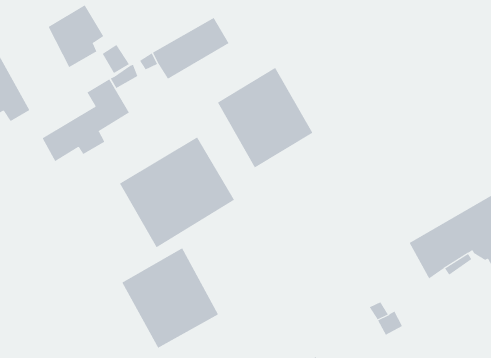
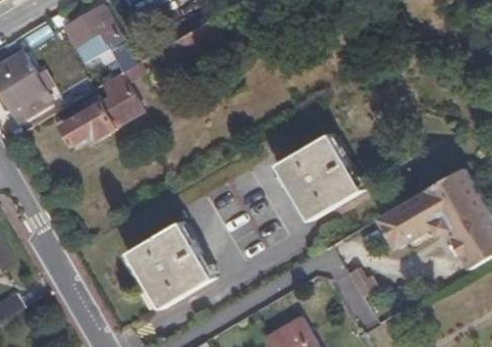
building: [217,67,313,168] -> [282,131,366,218]
building: [119,137,235,248] -> none

